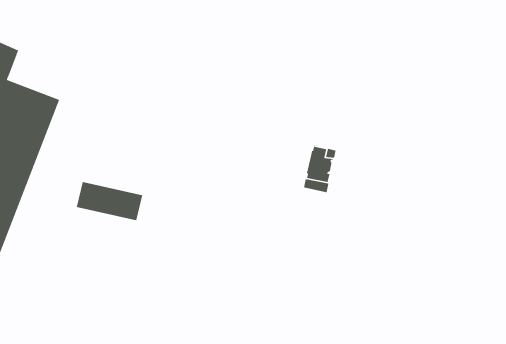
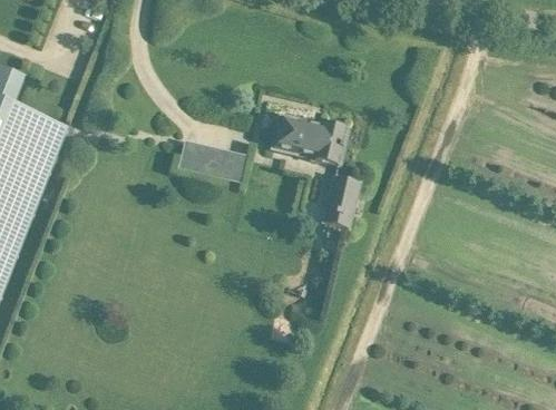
building: none -> [273,116,347,166]
building: [76,181,143,221] -> [177,138,248,180]

